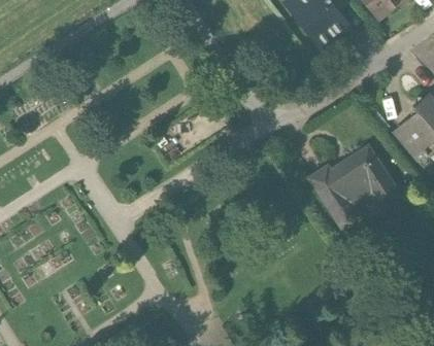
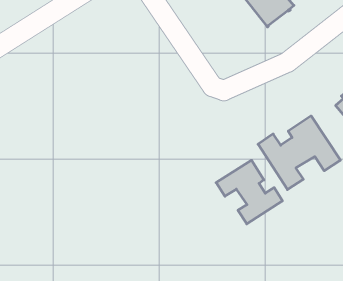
building: none -> [216,160,282,224]

